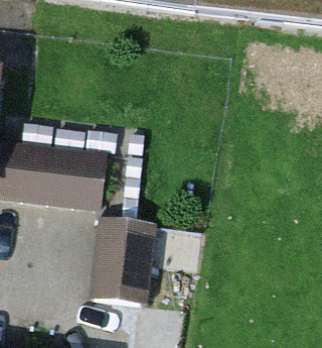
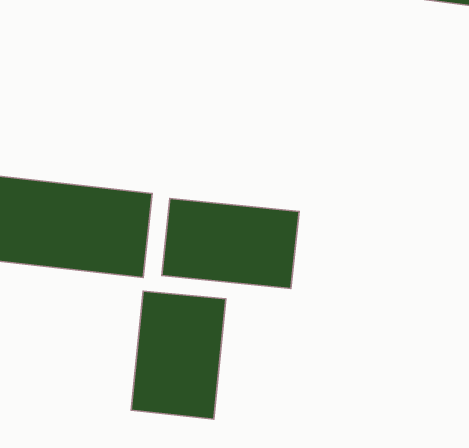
building: none -> [162,199,299,289]

